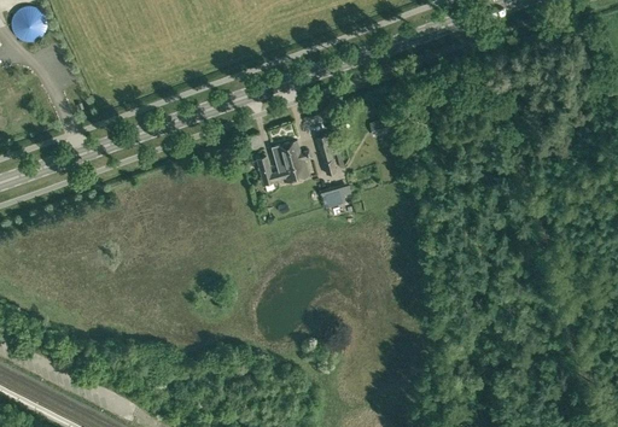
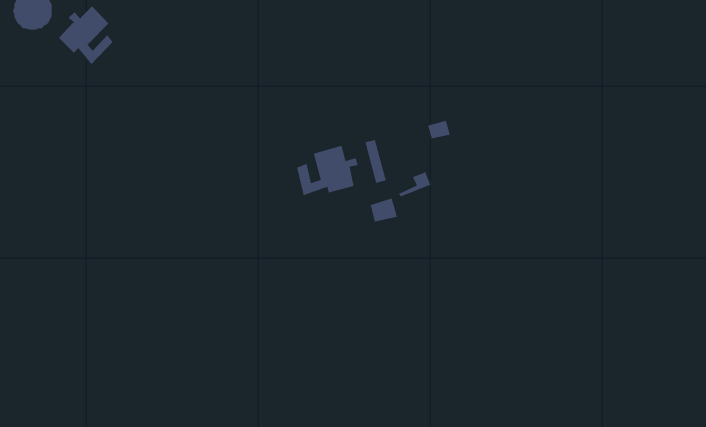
building: none -> [58,6,113,65]

